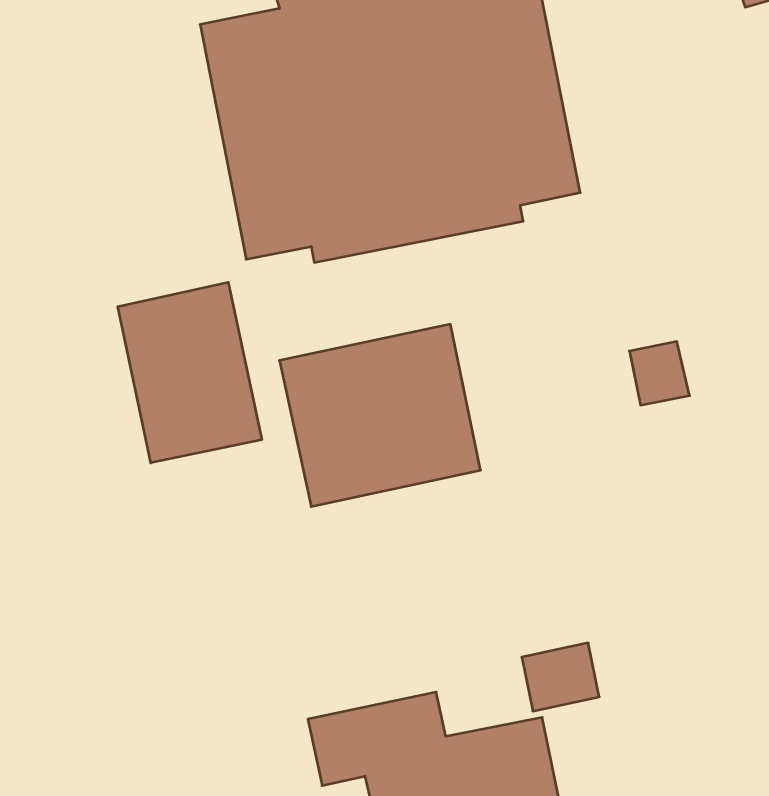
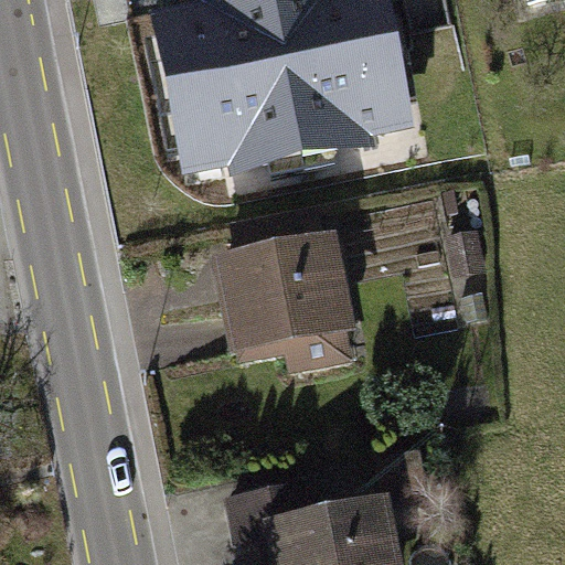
building: [118,282,262,463] -> none

